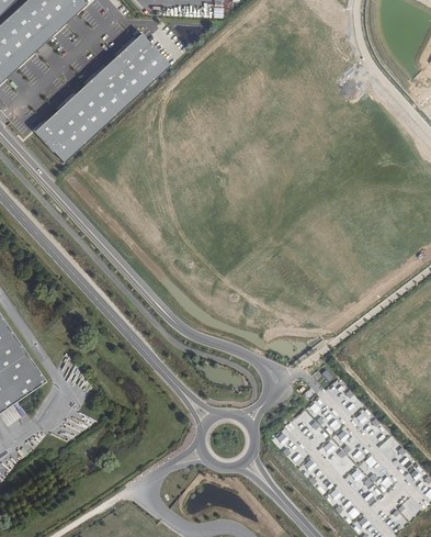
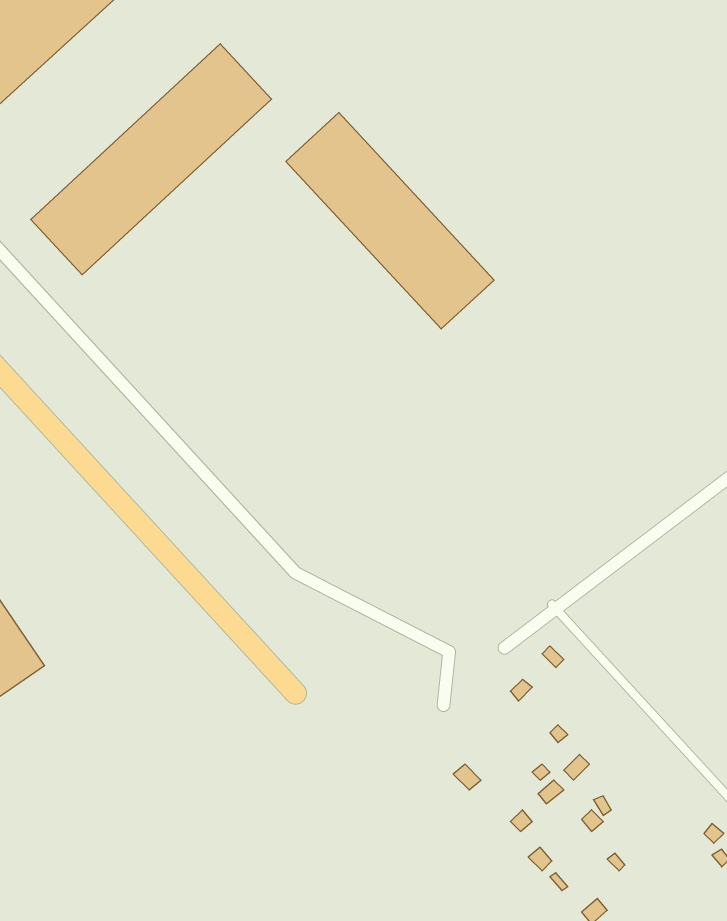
building: none -> [286,113,494,329]

